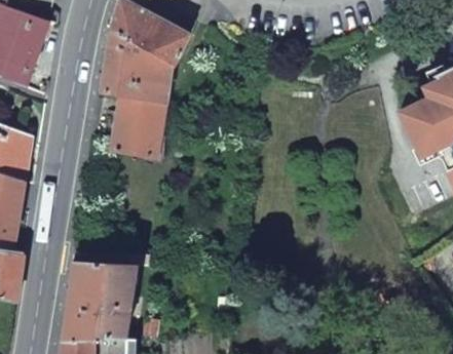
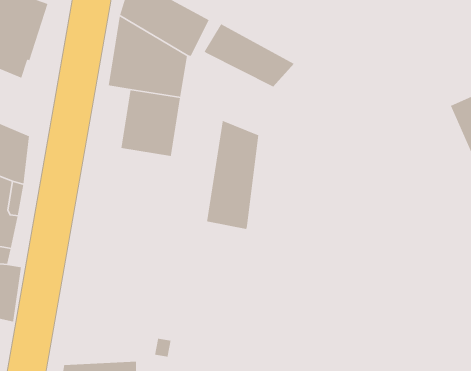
building: none -> [204,23,295,88]
building: none -> [206,120,259,230]
building: [61,259,135,339] -> none

